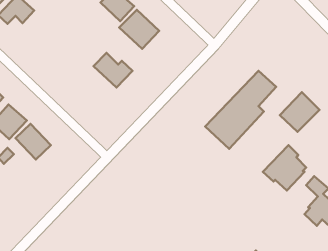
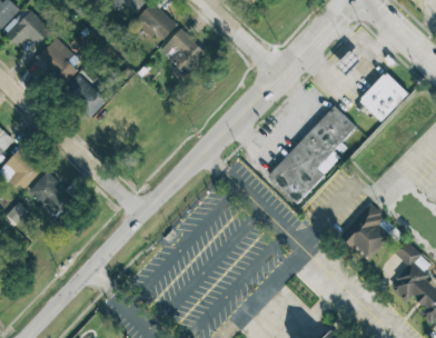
building: none -> [34,38,81,84]
building: [93,53,132,88] -> [61,73,110,117]
building: [280,92,320,132] -> [357,71,407,121]

